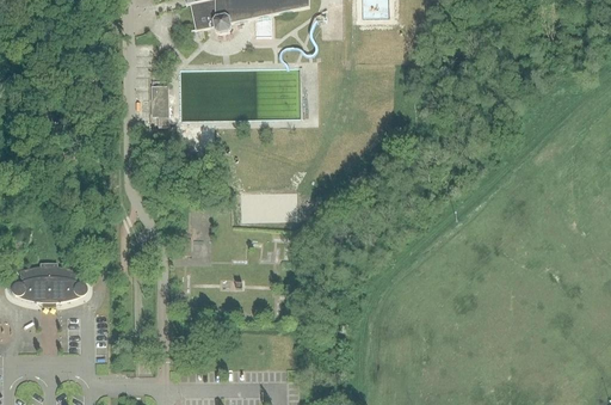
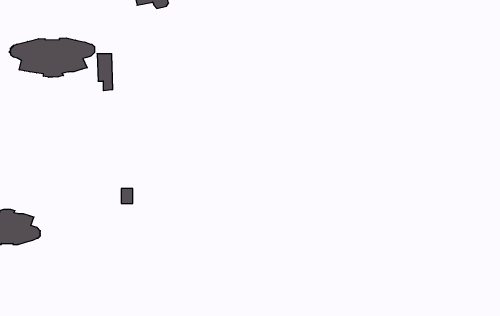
building: none -> [9,38,95,77]

